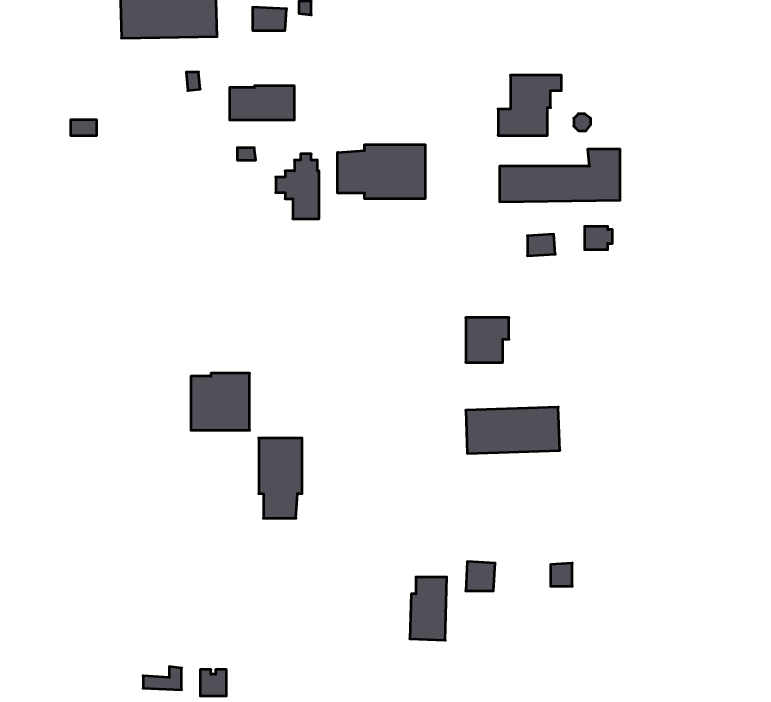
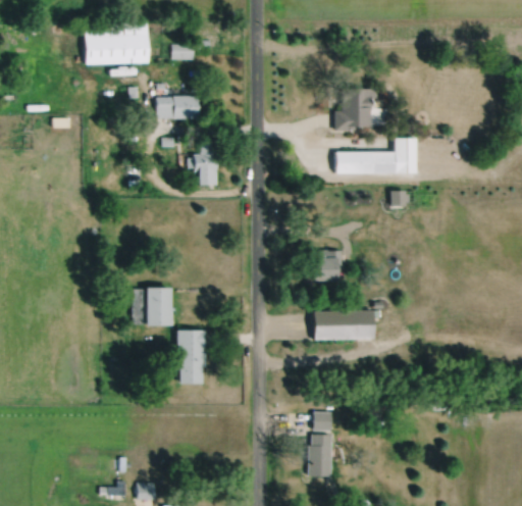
building: [338,145,425,199] -> none
building: [410,577,447,640] -> [308,435,332,476]

